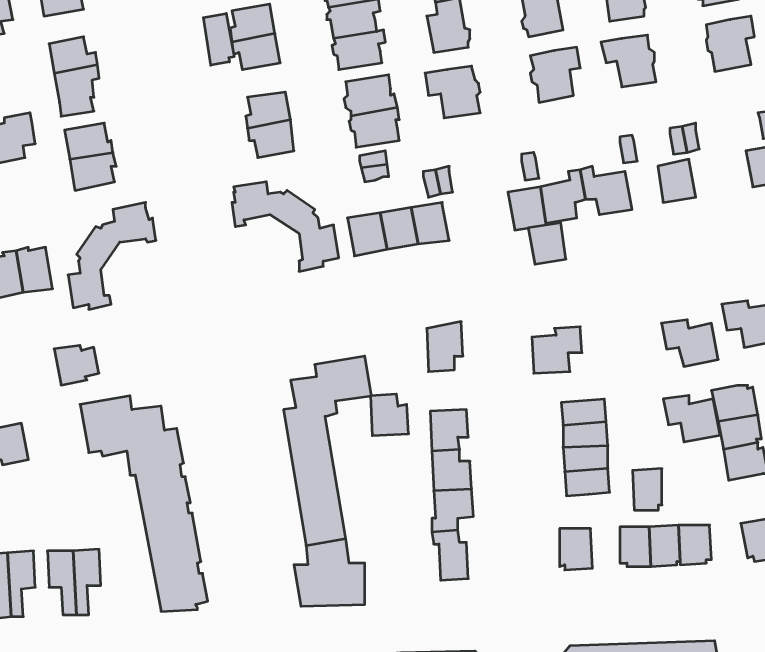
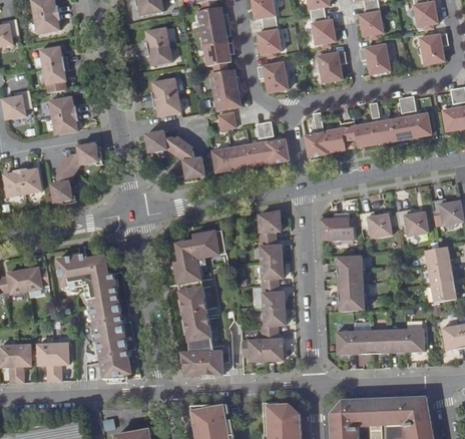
building: [203,13,234,65] -> none
building: none -> [410,113,432,138]
building: none -> [373,120,395,145]
building: [528,223,566,264] -> [267,139,289,163]
building: [54,345,99,385] -> [22,268,48,291]
building: [371,394,409,436] -> [259,239,281,263]
building: [663,395,720,442] -> [358,211,391,239]
building: [633,469,662,510] -> [353,330,370,354]
building: none -> [241,340,266,362]

